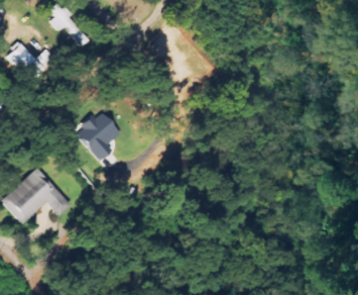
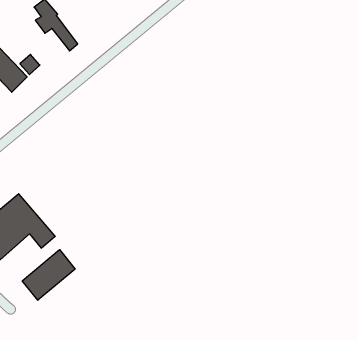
building: [77,111,119,161] -> none
building: none -> [22,250,75,300]

